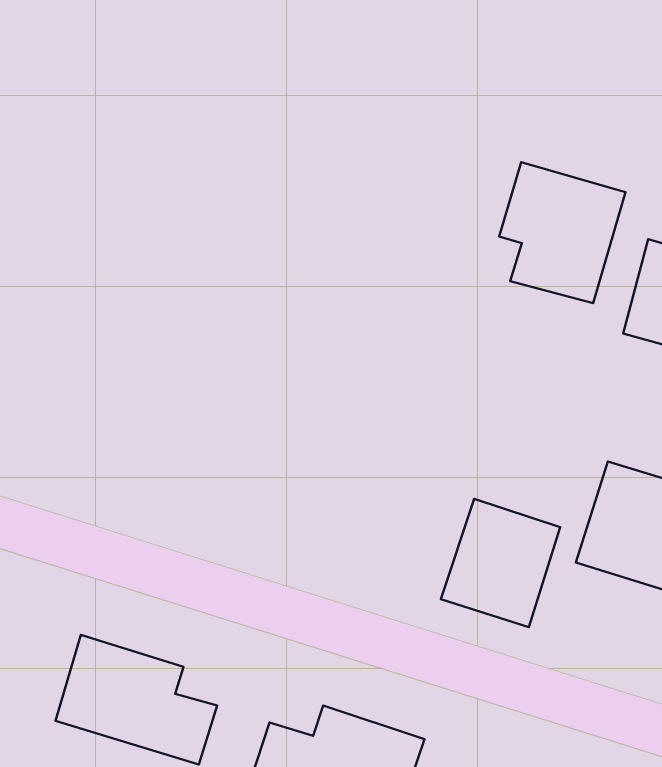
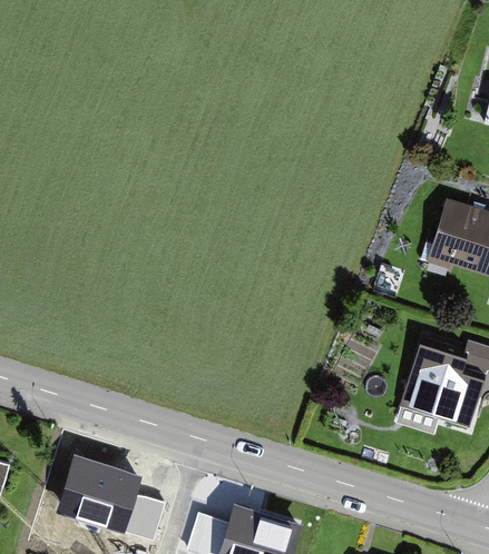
building: [499,162,626,303] -> none
building: [441,499,560,627] -> none

